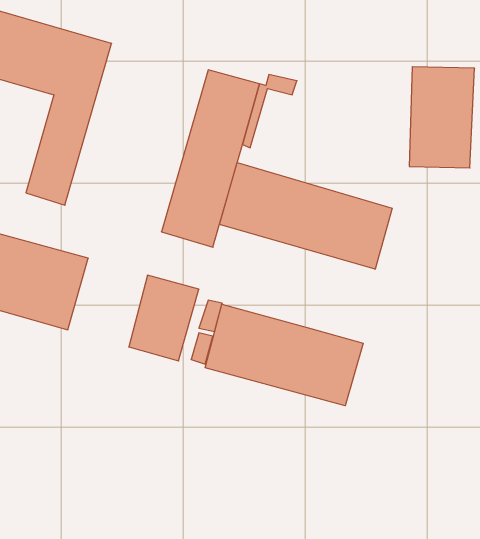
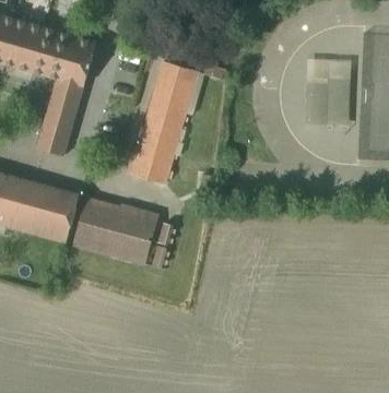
building: [219,162,392,269] -> none
building: none -> [74,195,120,254]
building: [205,304,363,406] -> none

